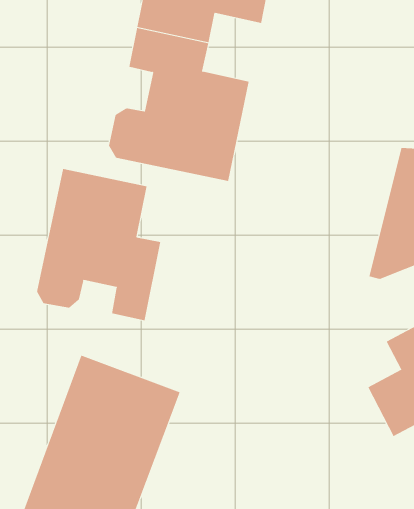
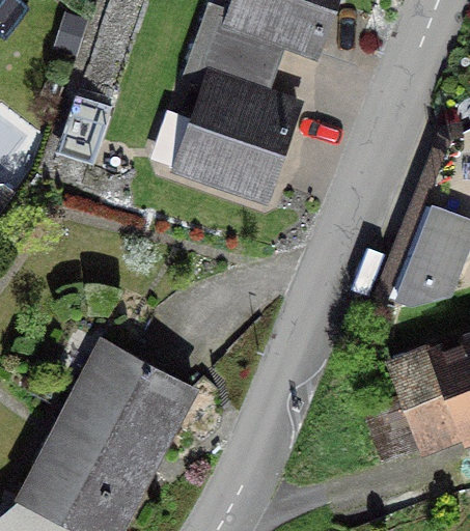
building: [37,168,161,321] -> none

